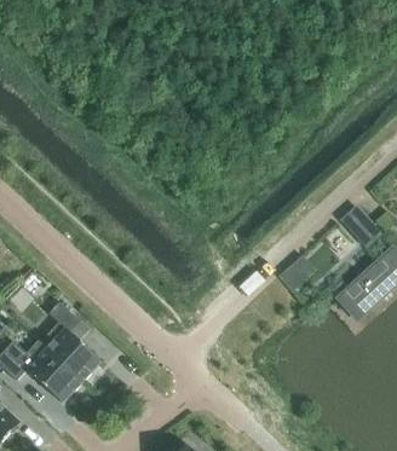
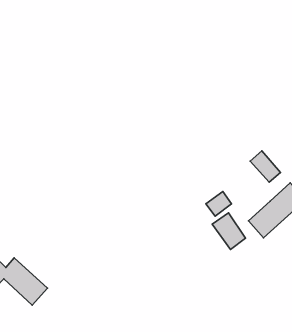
building: none -> [212,213,246,249]
building: [39,301,99,381] -> none

